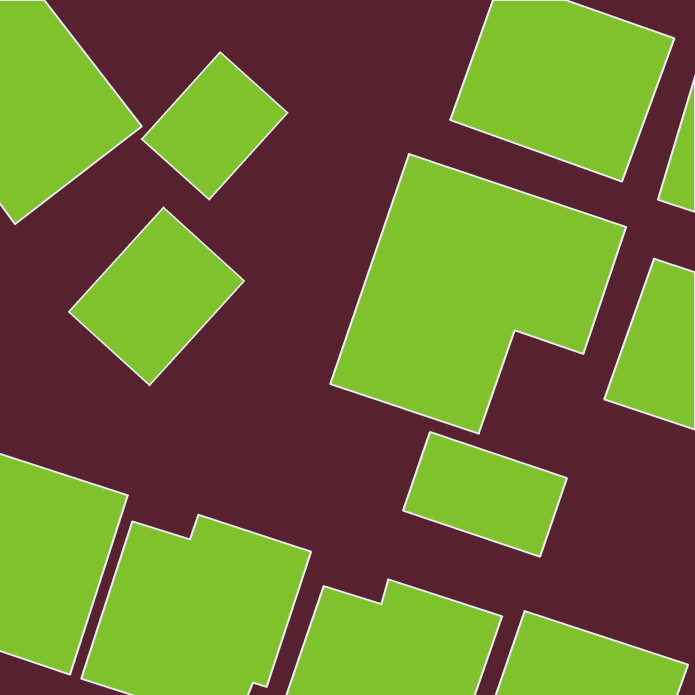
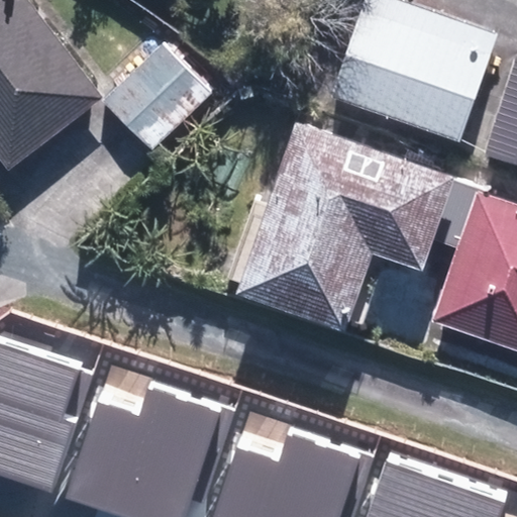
building: [69,207,244,385] -> none
building: [403,432,567,557] -> none

